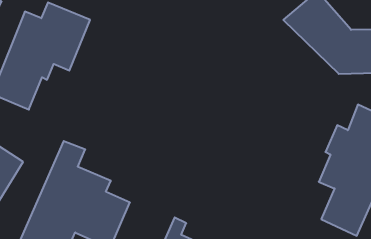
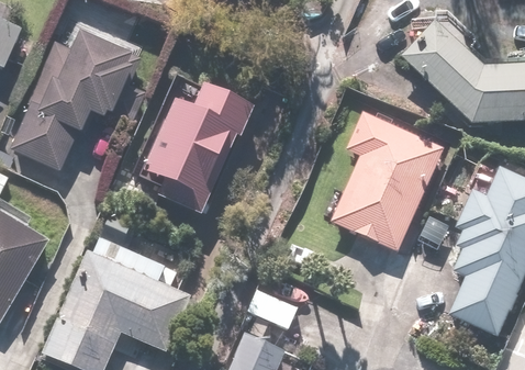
building: none -> [137,67,256,214]
building: none -> [329,111,443,253]

